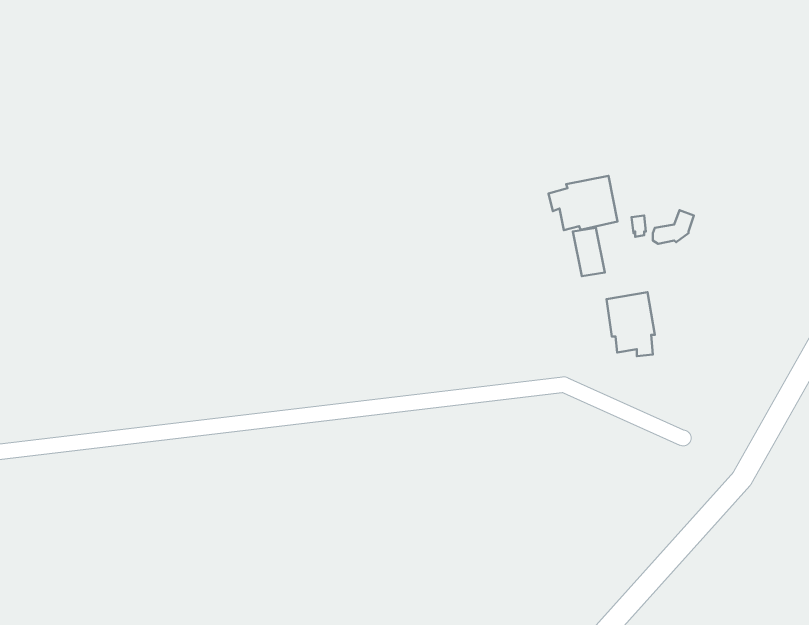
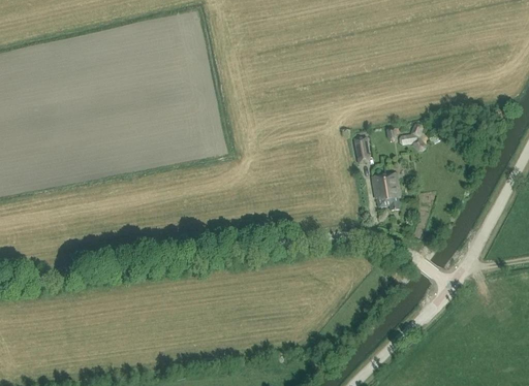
building: [549,176,618,230] -> none

